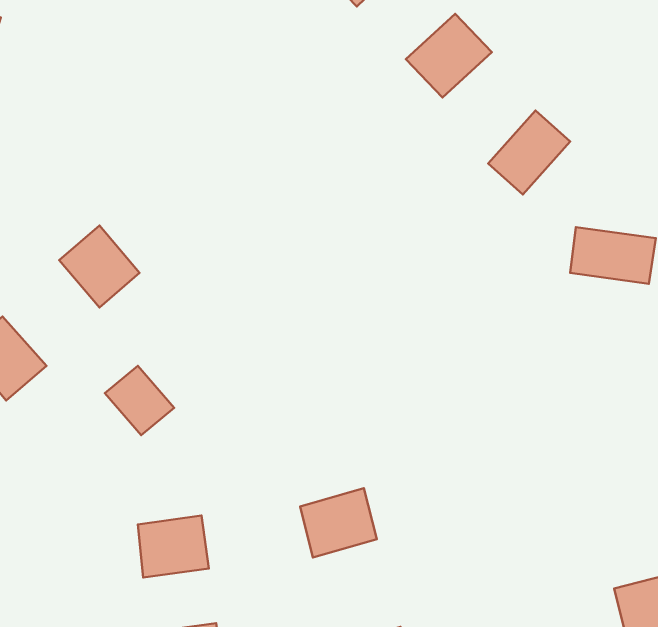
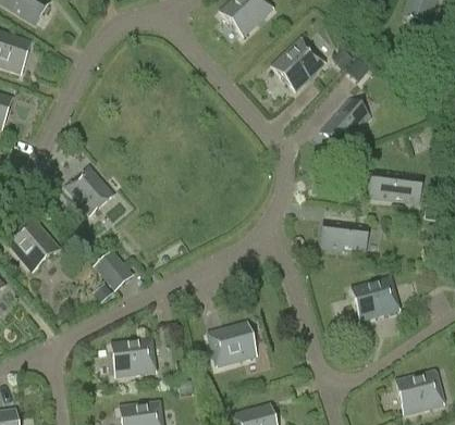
building: none -> [321,217,367,250]
building: none -> [352,279,397,320]

